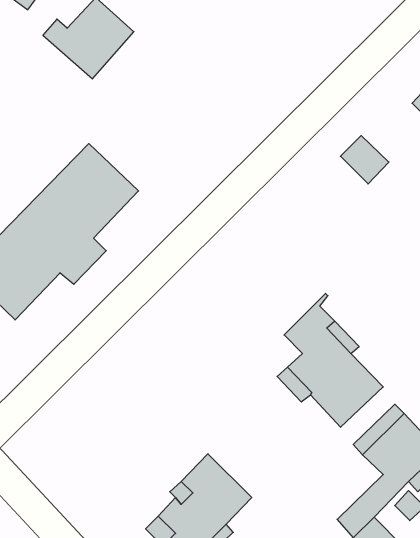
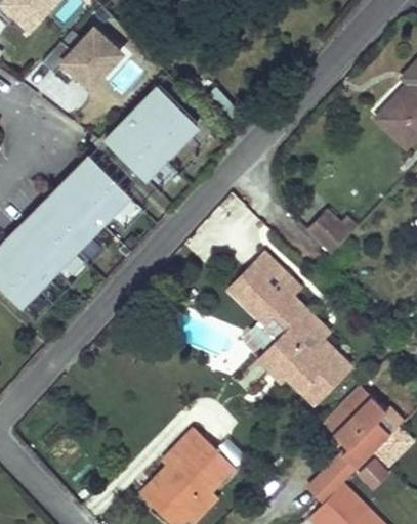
building: none -> [103,83,203,182]
building: [340,136,389,184] -> [305,211,348,254]
building: none -> [230,253,298,322]

